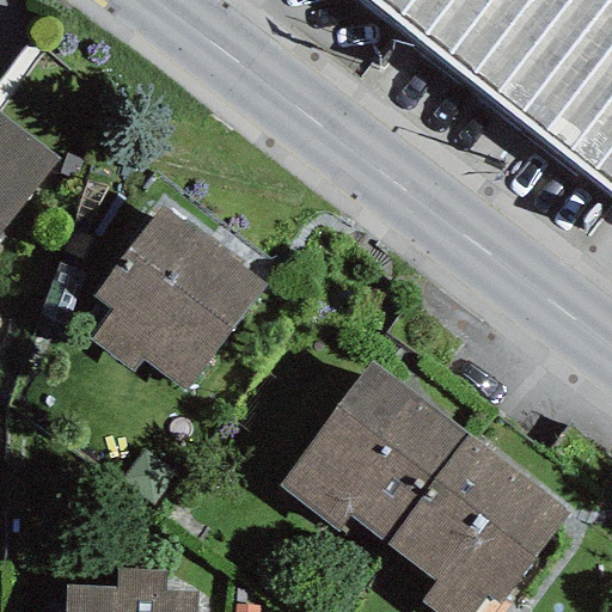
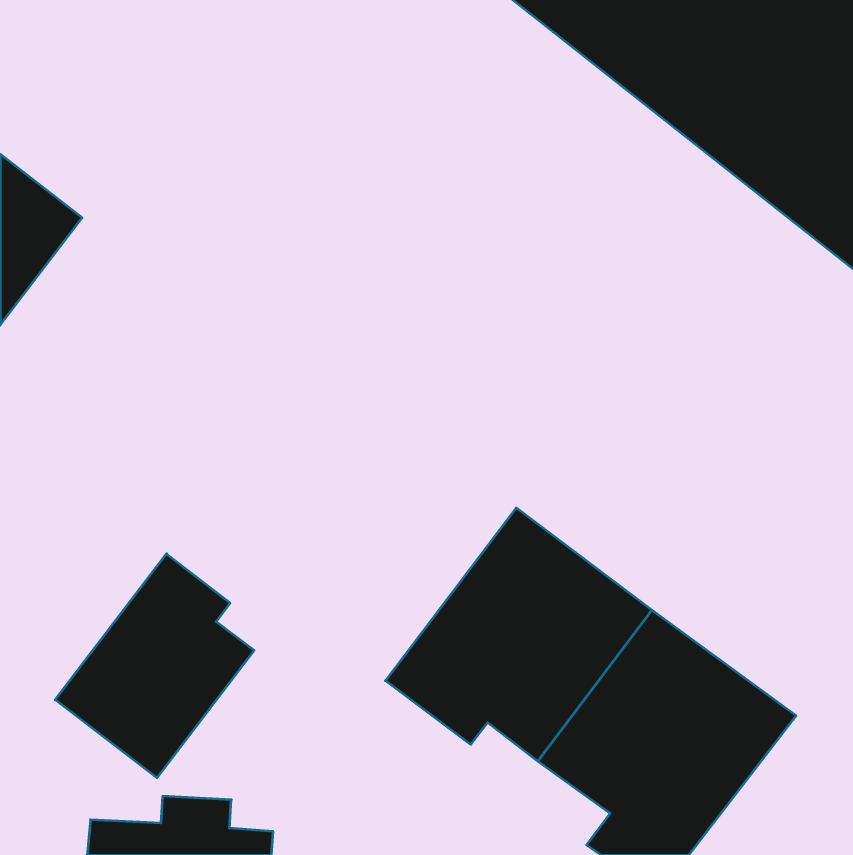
building: [91,204,271,390] -> none
building: none -> [55,554,254,778]

